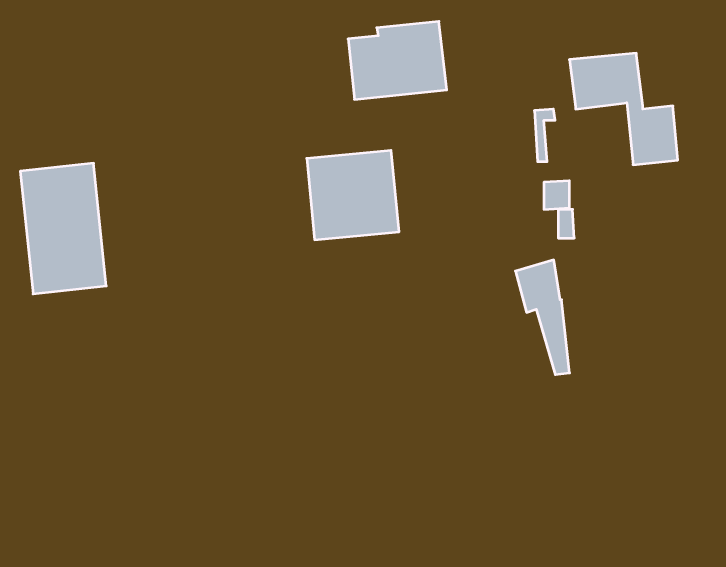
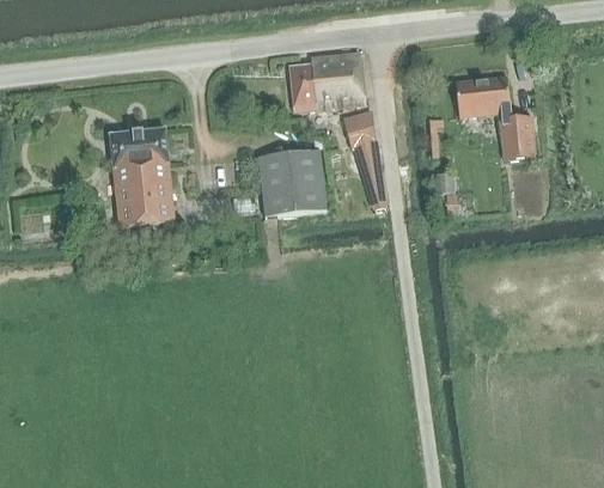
building: [20,163,106,294] -> [109,127,173,225]
building: [515,260,570,375] -> [342,109,383,195]

